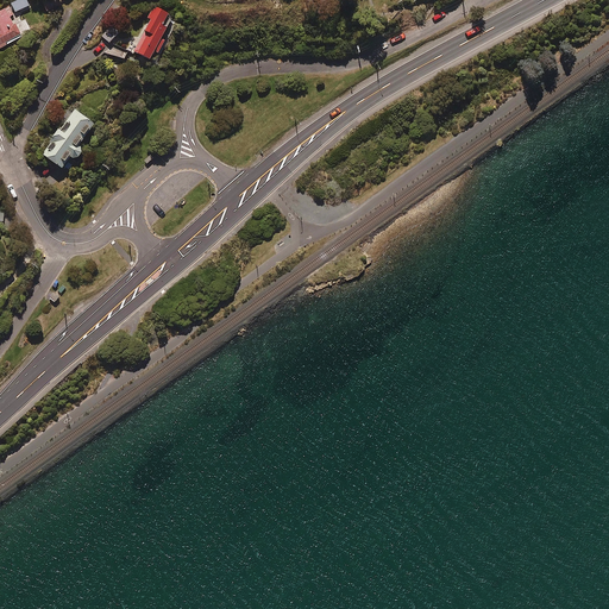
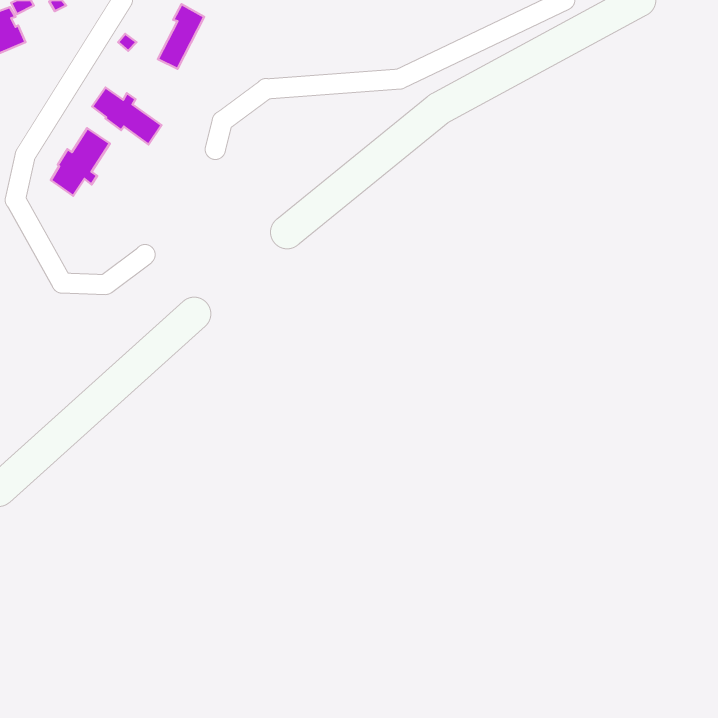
building: none -> [92,87,161,144]

